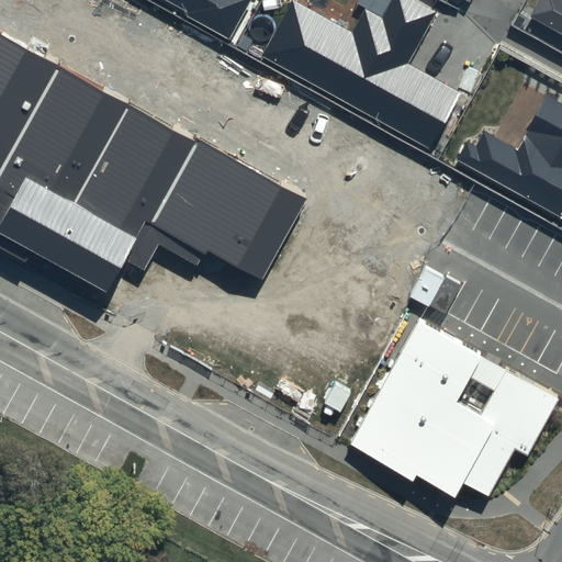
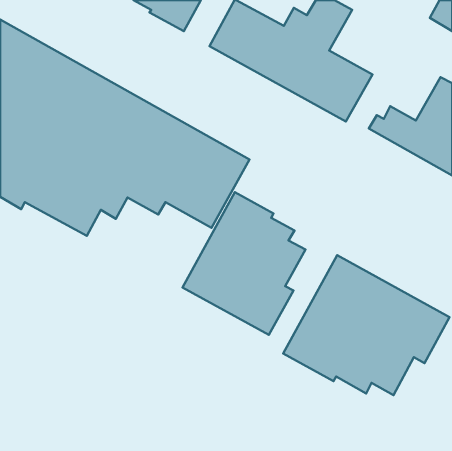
building: none -> [183,192,306,335]

